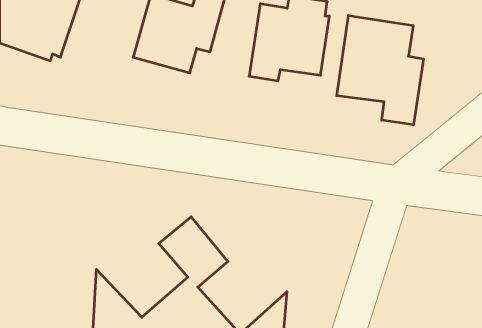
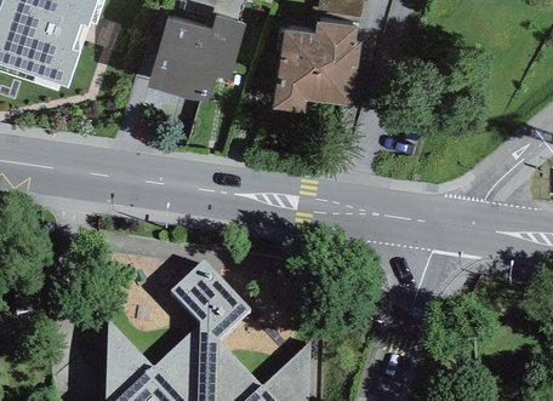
building: [337,15,423,125] -> none

